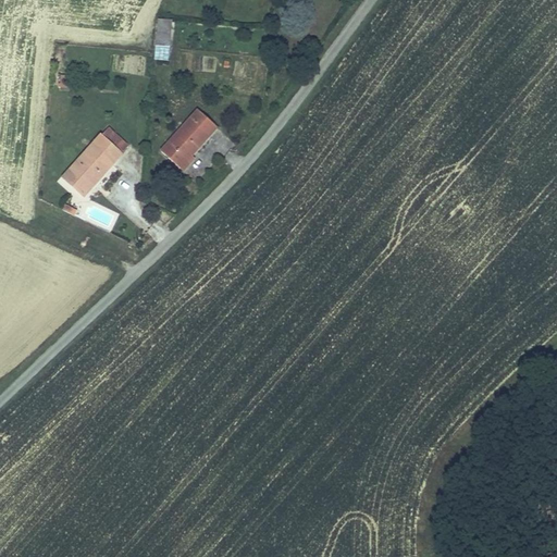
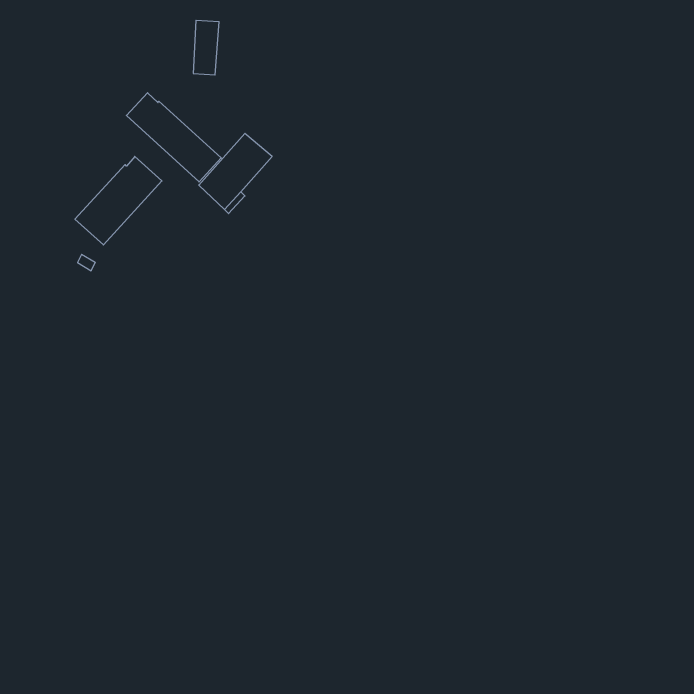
building: none -> [126,93,221,182]

